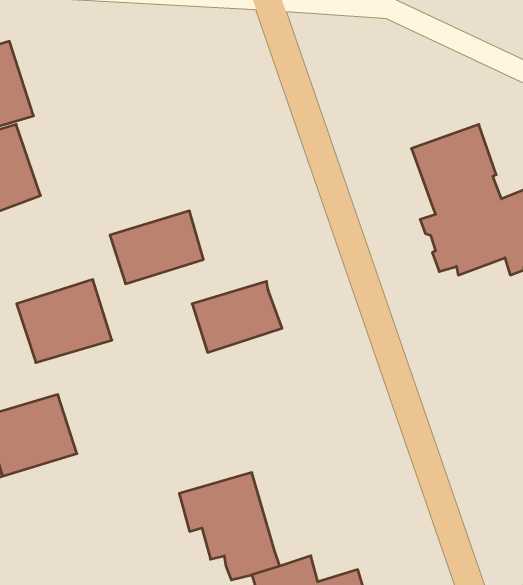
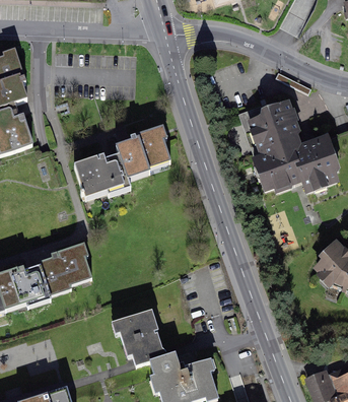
building: [17,280,112,363] -> [41,246,96,294]
building: [192,281,282,352] -> [116,131,168,173]

